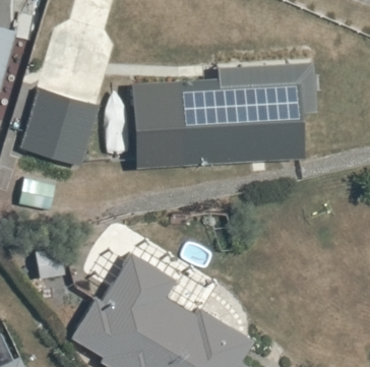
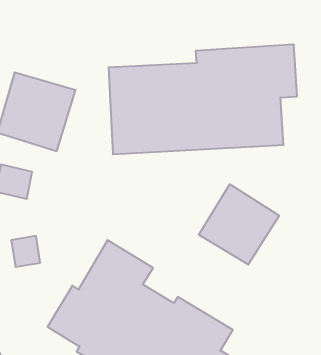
building: none -> [199,184,279,265]

